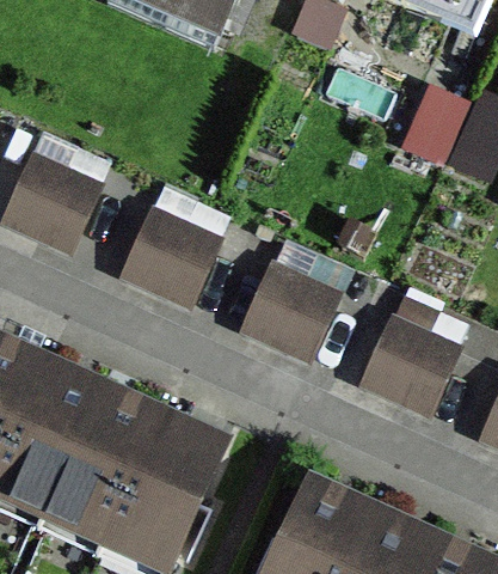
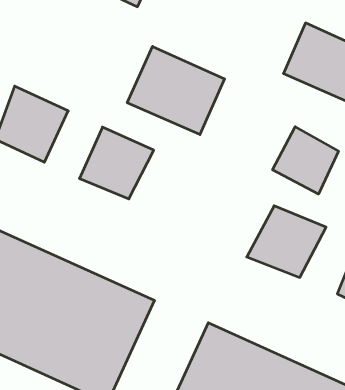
building: none -> [127,46,225,135]
building: none -> [273,127,338,194]
building: [241,258,346,356] -> none

